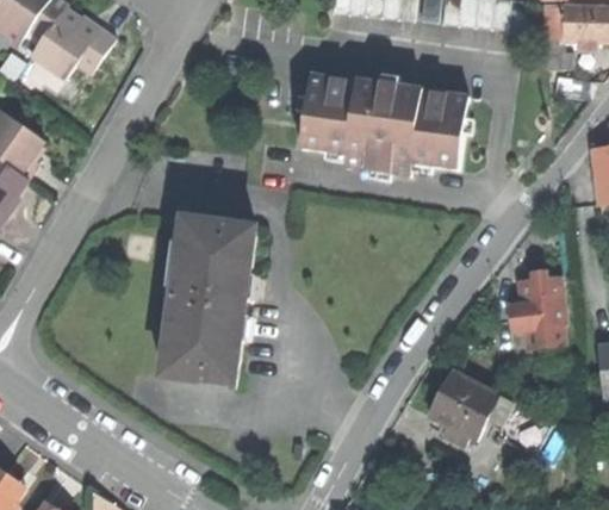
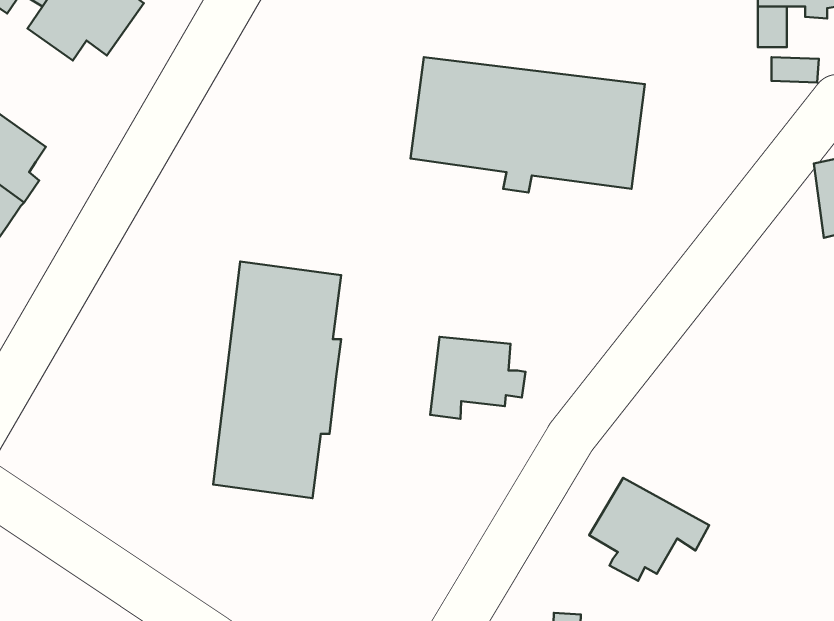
building: none -> [430,337,525,419]
building: [511,274,563,344] -> none

